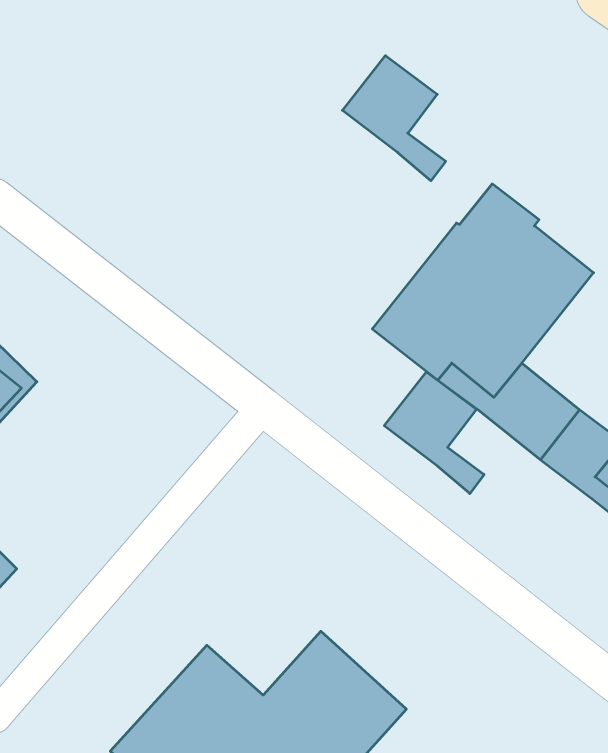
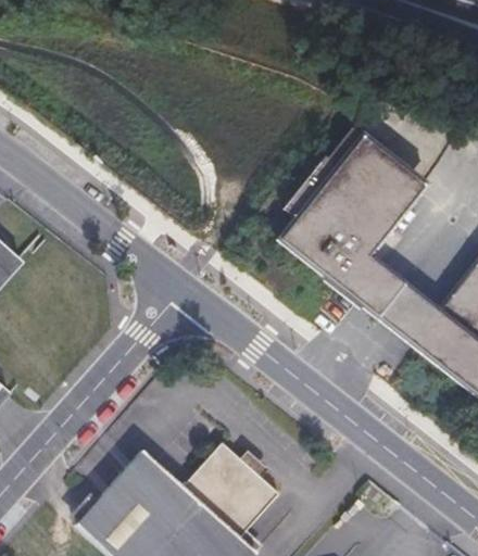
building: [342,56,446,181] -> none
building: [384,372,484,494] -> none

